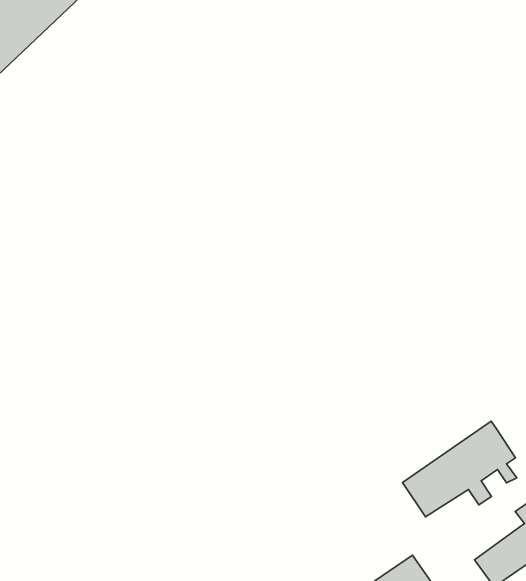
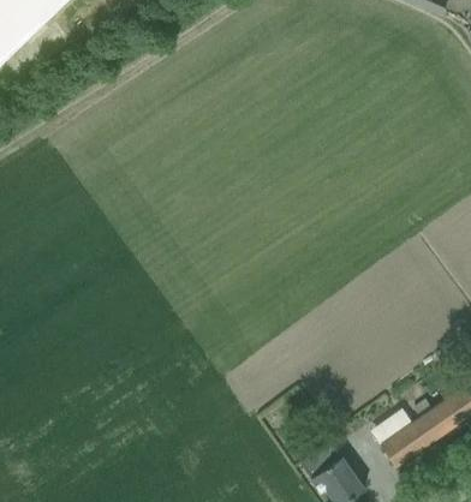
building: [402,421,517,517] -> none

